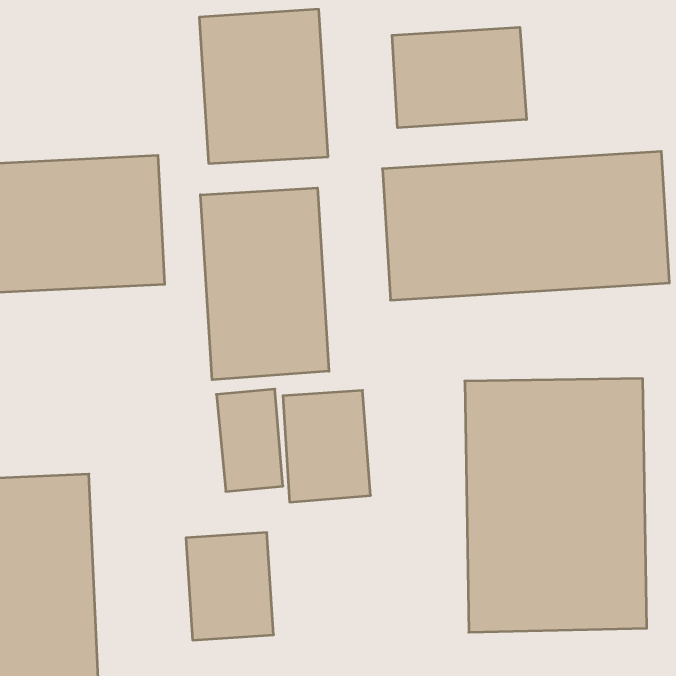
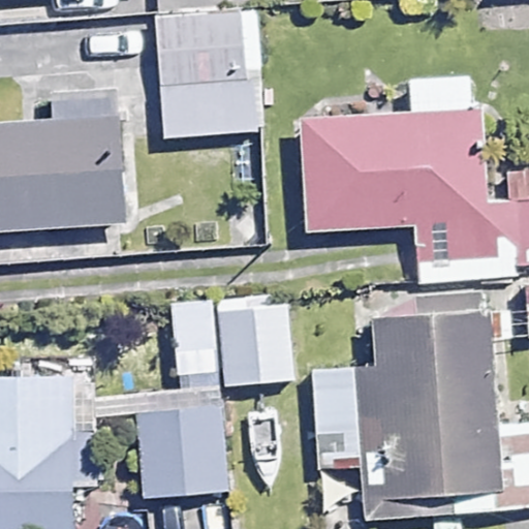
building: [392,27,526,128] -> none
building: [200,188,329,380] -> none

